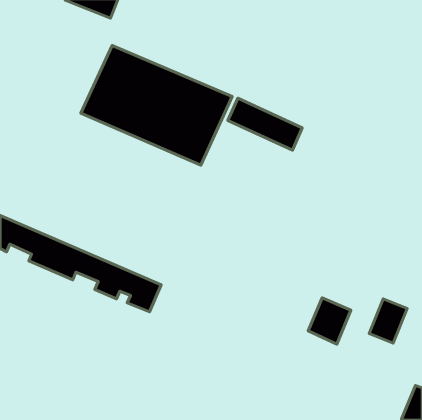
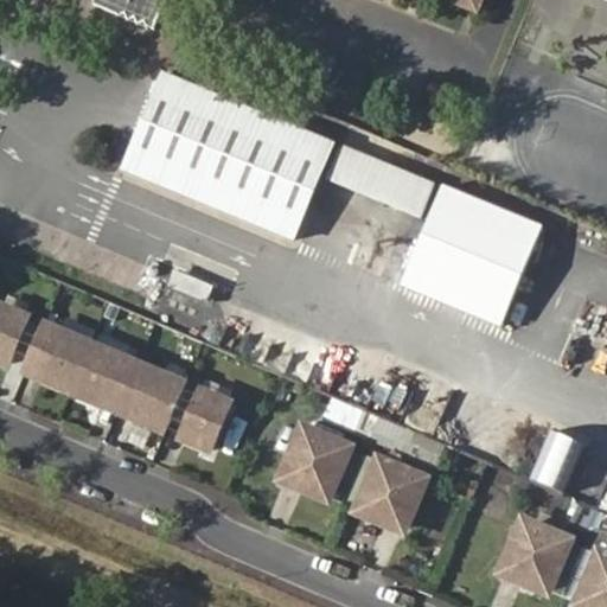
building: none -> [400,186,539,327]
building: [308,298,351,344] -> [358,461,420,528]
building: none -> [283,430,345,496]
building: none -> [500,522,563,588]

